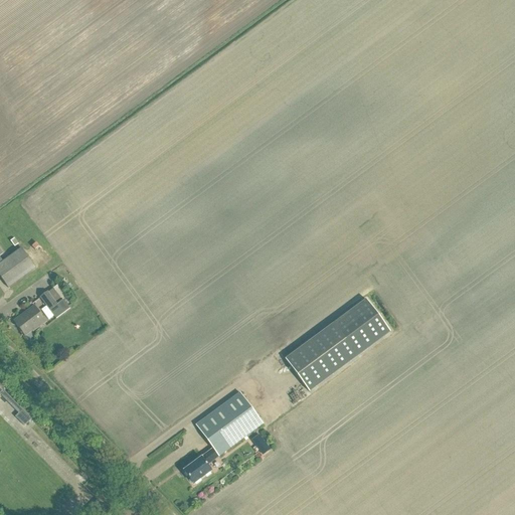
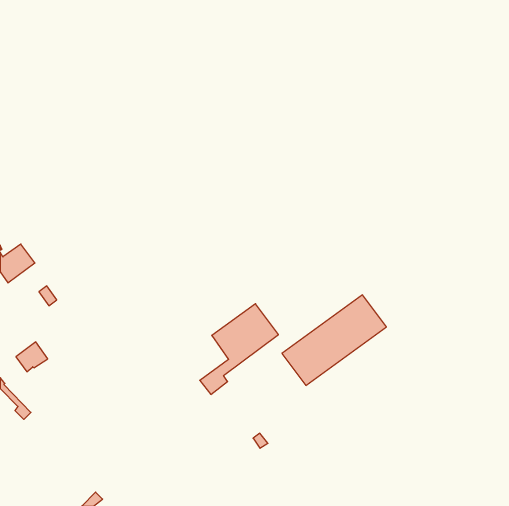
building: [14,303,46,333] -> [16,342,48,372]
building: [183,390,263,482] -> [200,304,278,394]

